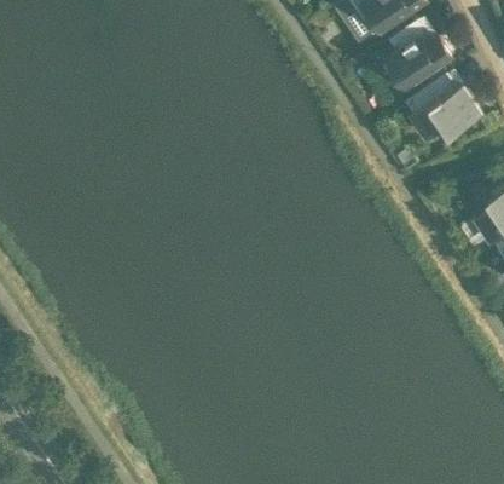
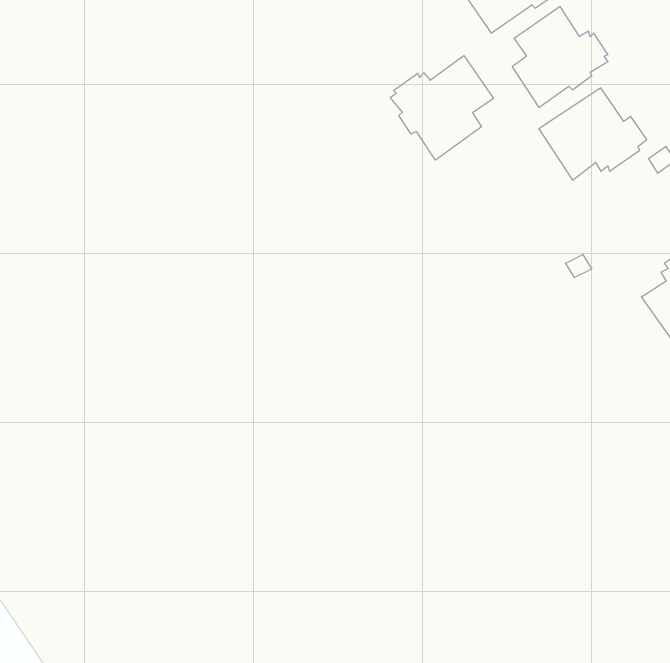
building: none -> [390,56,493,160]

